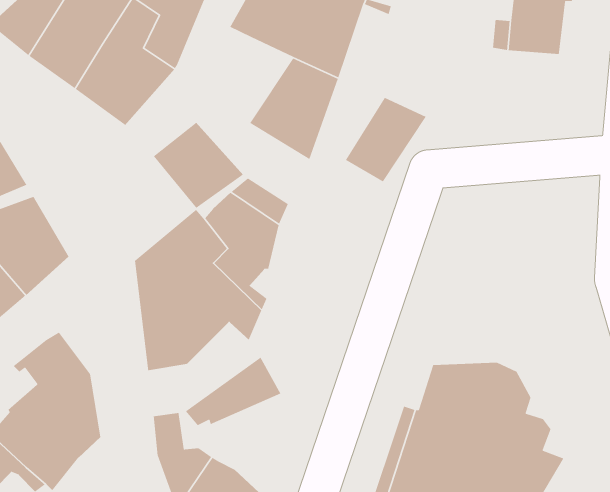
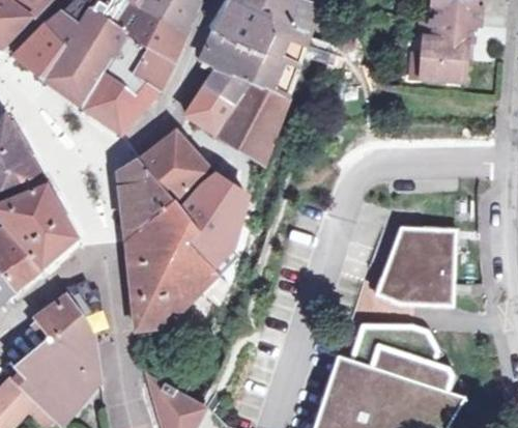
building: [345,97,427,183] -> [186,66,251,134]
building: none -> [119,160,175,241]
building: none -> [375,226,455,306]
building: [185,356,282,426] -> none

